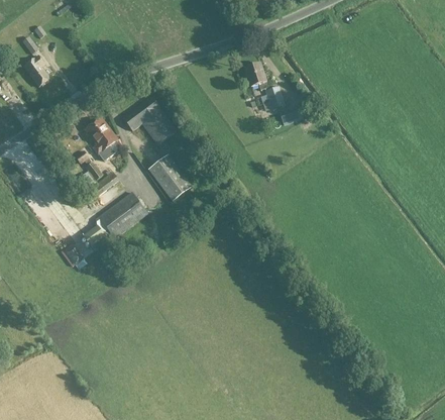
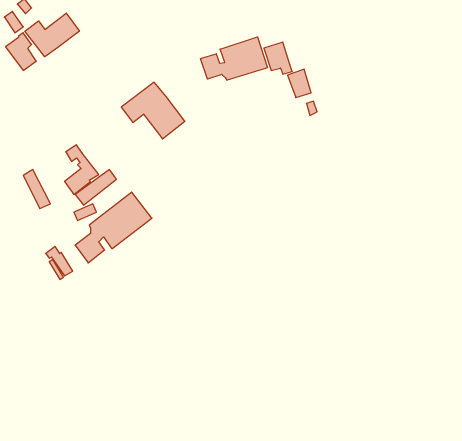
building: none -> [25,13,79,57]
building: none -> [201,37,267,80]
building: [85,117,120,154] -> none
building: [147,154,192,202] -> none

